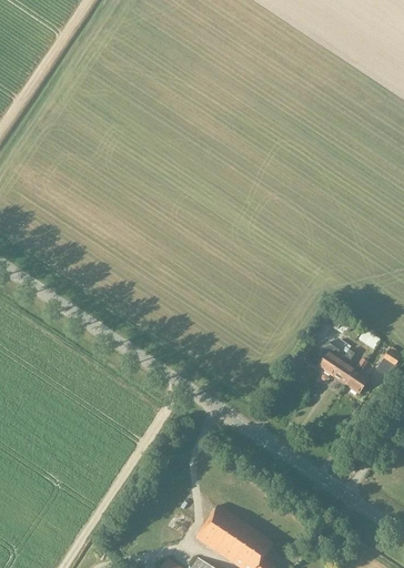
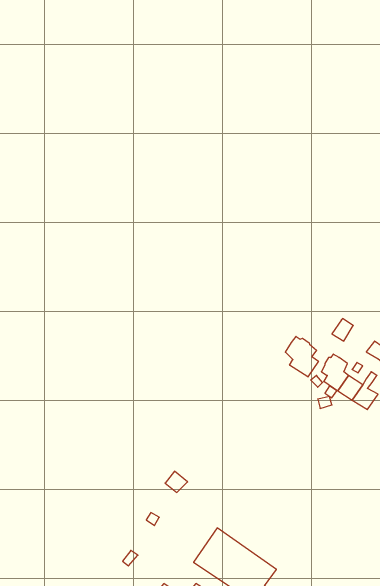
building: none -> [285,336,318,377]

